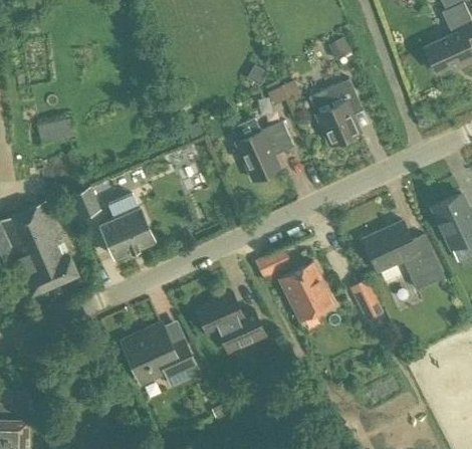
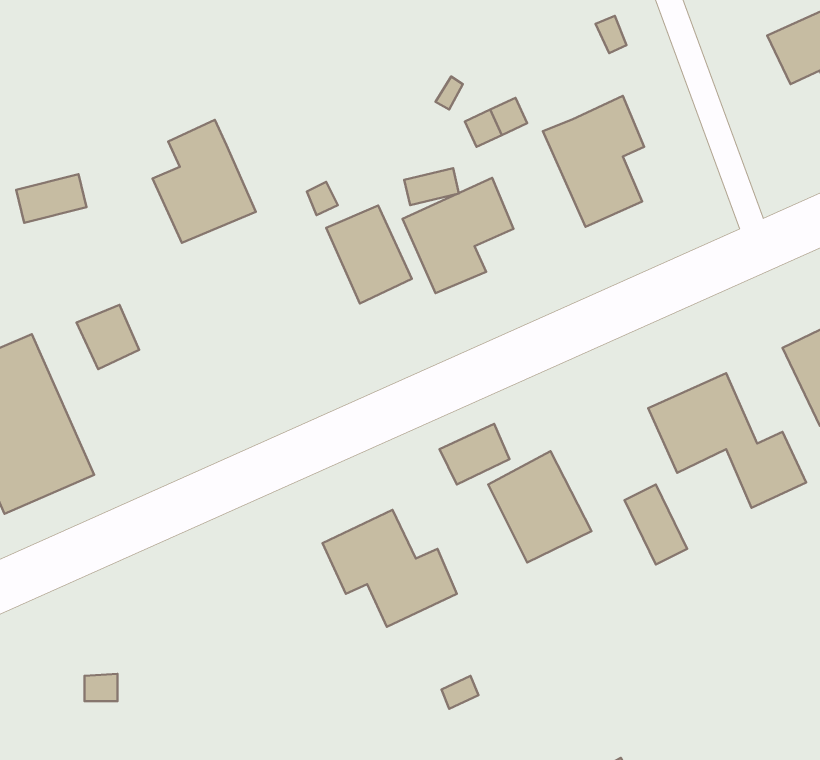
building: none -> [326,206,412,303]
building: [100,194,154,257] -> [153,120,256,243]
building: [122,324,194,383] -> none

